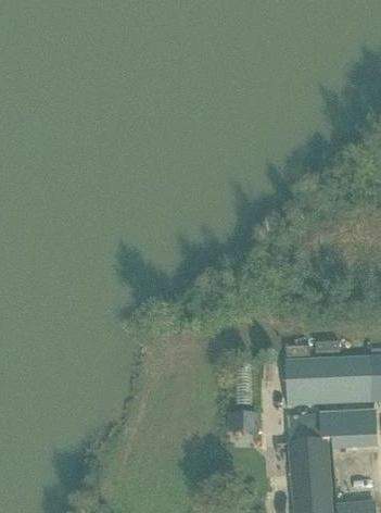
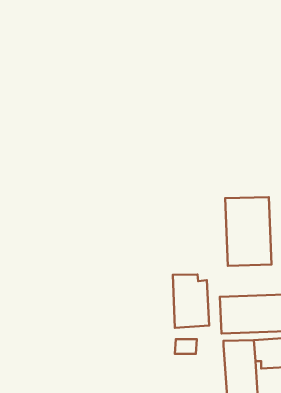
building: none -> [225,197,271,266]
building: none -> [173,274,209,328]

